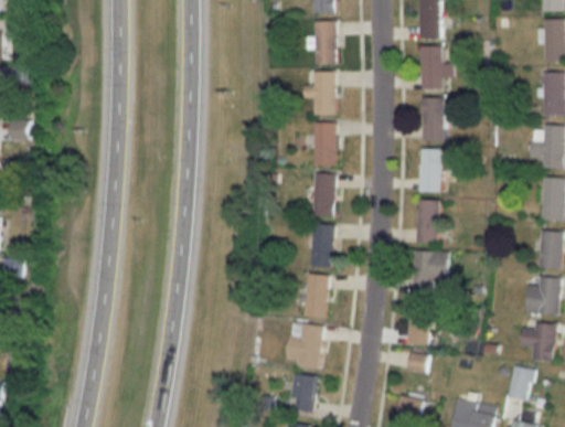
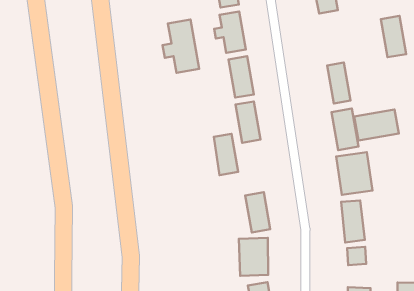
building: none -> [162,19,199,73]
building: [423,97,444,140] -> [381,16,406,57]
building: none -> [354,109,399,141]
building: [311,224,332,267] -> [214,134,238,175]

